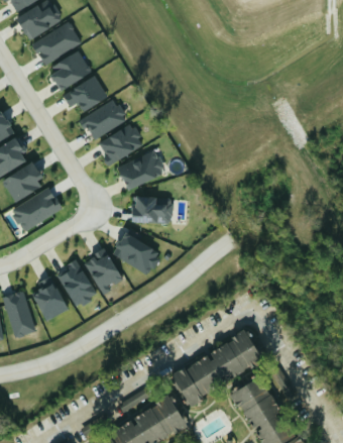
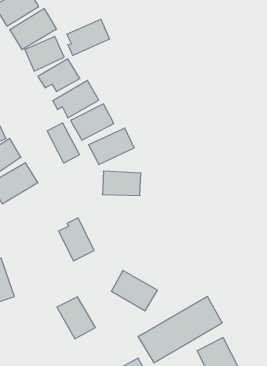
building: none -> [67,19,109,56]
building: none -> [47,123,80,163]
building: [111,232,160,275] -> [111,270,157,311]
building: [55,262,97,308] -> [57,297,95,339]
building: [32,279,67,321] -> none

